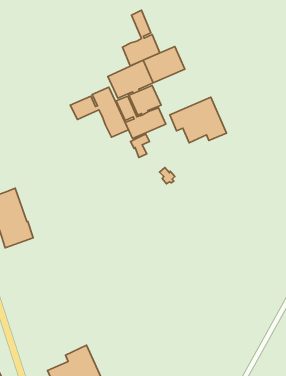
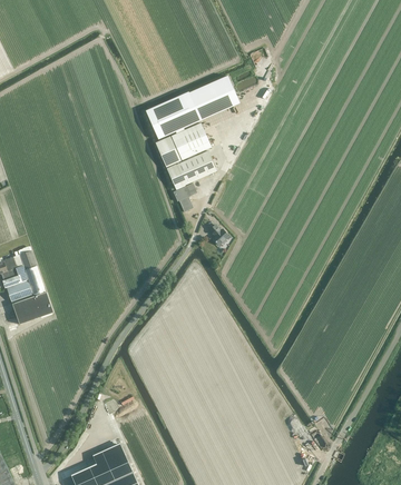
building: [122,10,160,66] -> none
building: [70,87,128,137] -> none
building: [170,97,227,143] -> none

